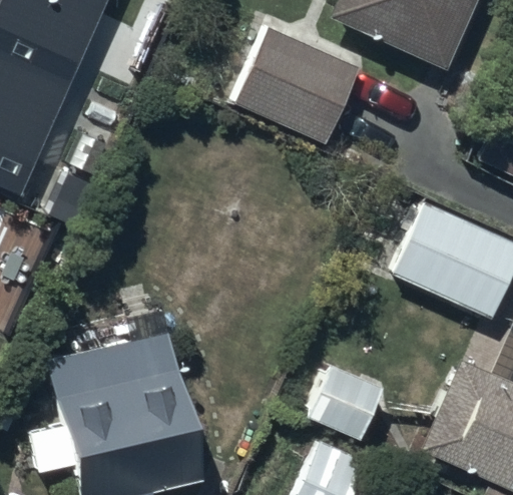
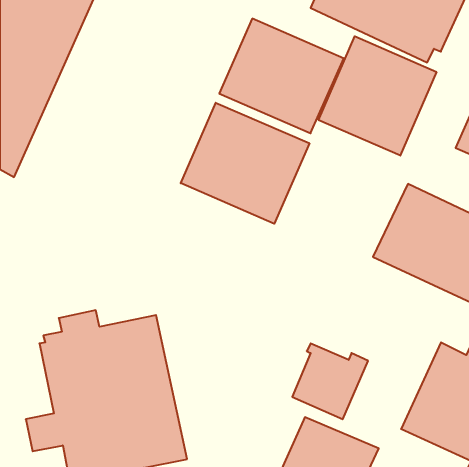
building: none -> [319,36,436,156]
building: none -> [181,103,309,224]

